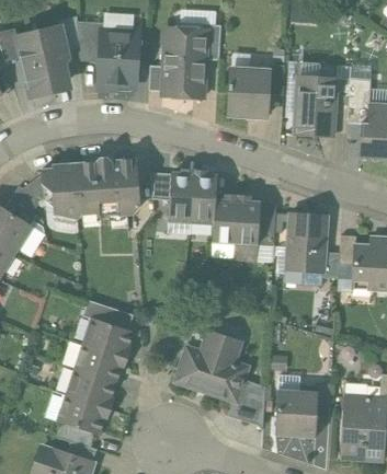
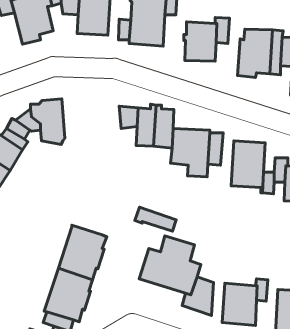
building: [79,155,139,218] -> none
building: [82,299,133,328] -> [135,207,176,231]

